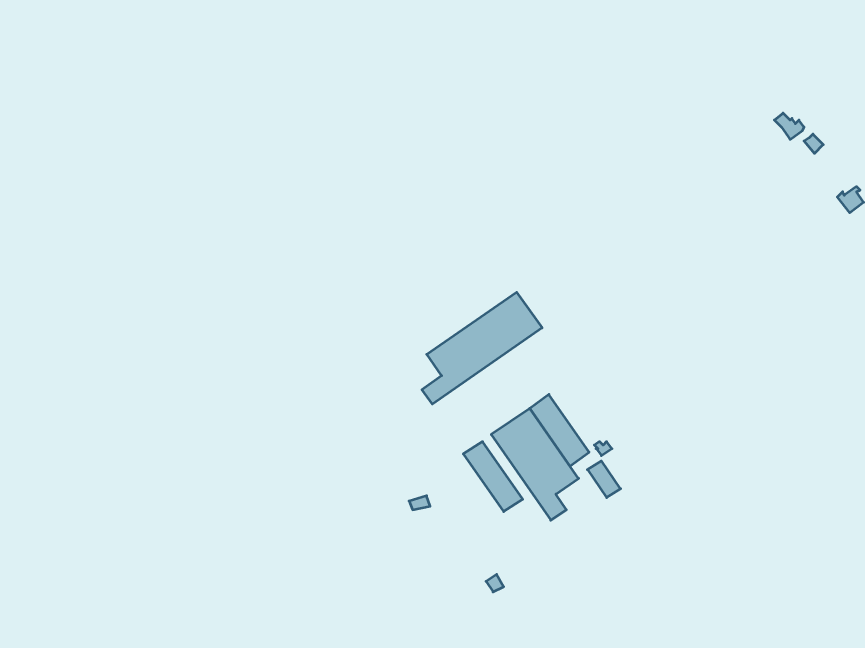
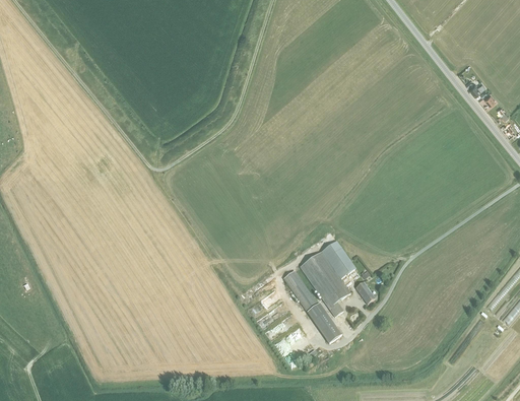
building: [422,292,542,404] -> none
building: none -> [307,302,341,342]

